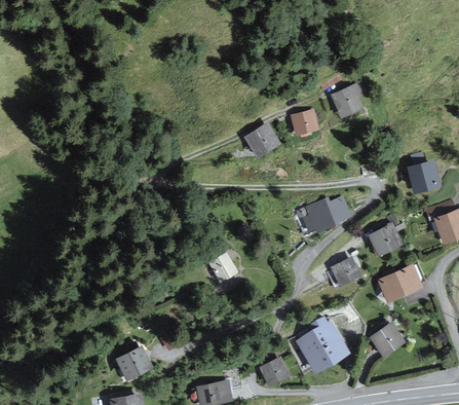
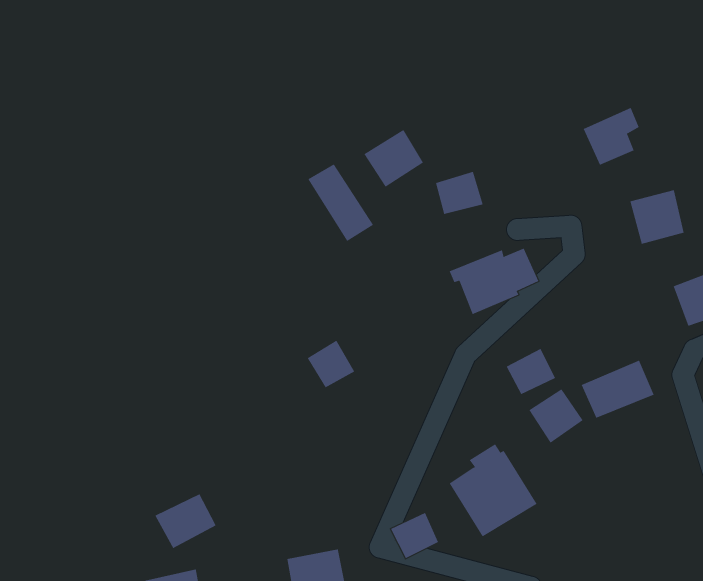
building: [331,81,366,117] -> [583,107,640,166]
building: [290,108,319,135] -> [435,171,484,215]
building: none -> [308,163,374,242]
building: [368,224,403,256] -> none
building: [371,323,405,357] -> [528,388,584,444]

